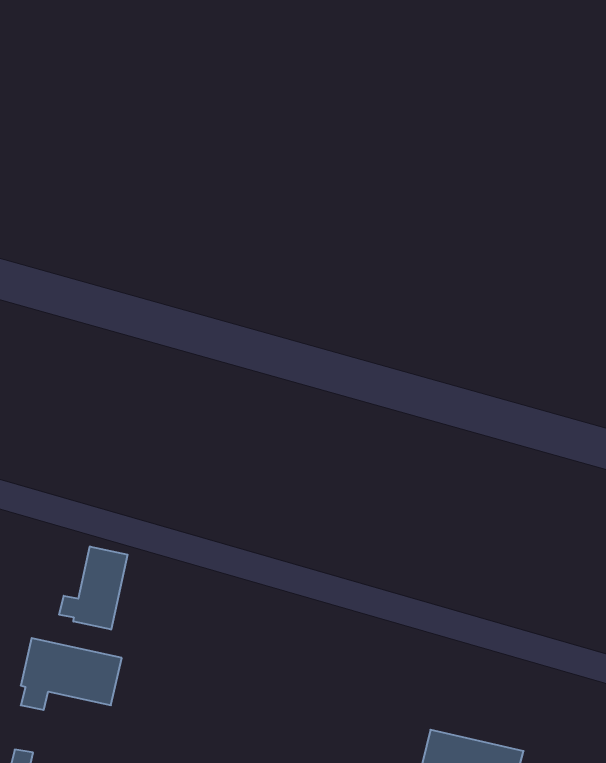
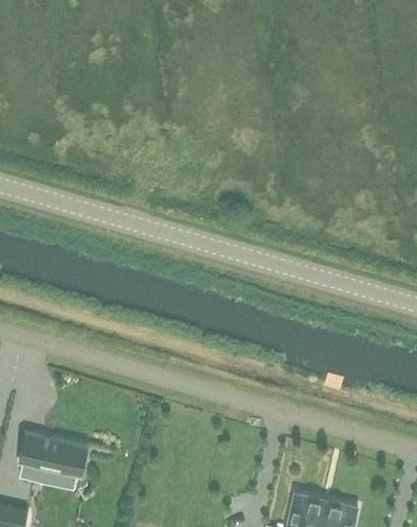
building: [59,546,128,630] -> none

